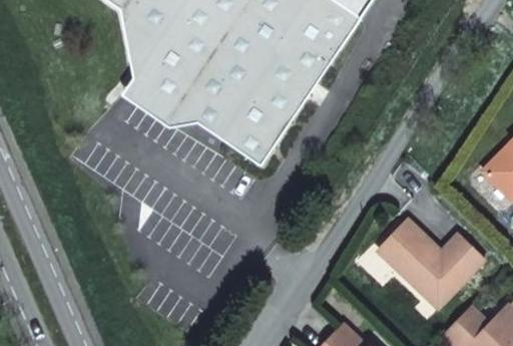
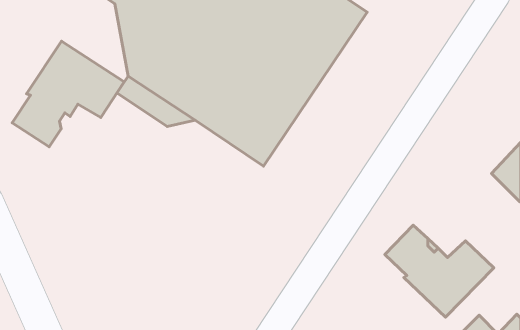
building: none -> [12,41,124,147]

